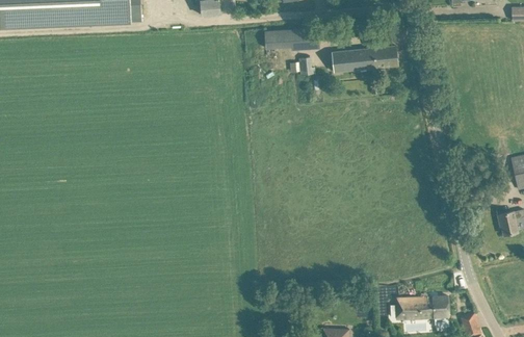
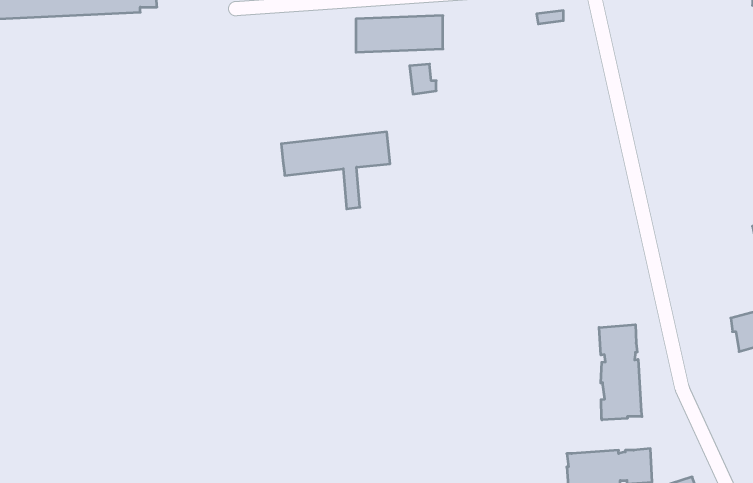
building: [331,45,398,93] -> [281,132,390,209]
building: none -> [599,325,642,420]

